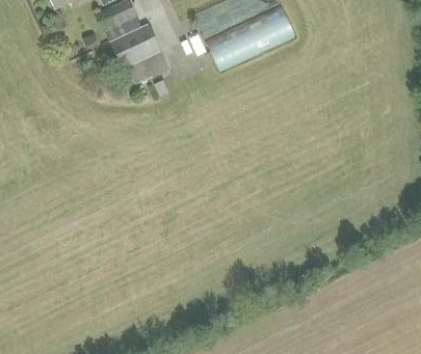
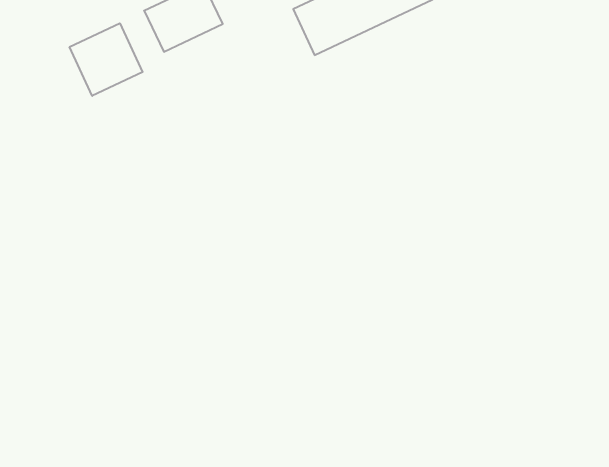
building: none -> [70,23,143,96]

